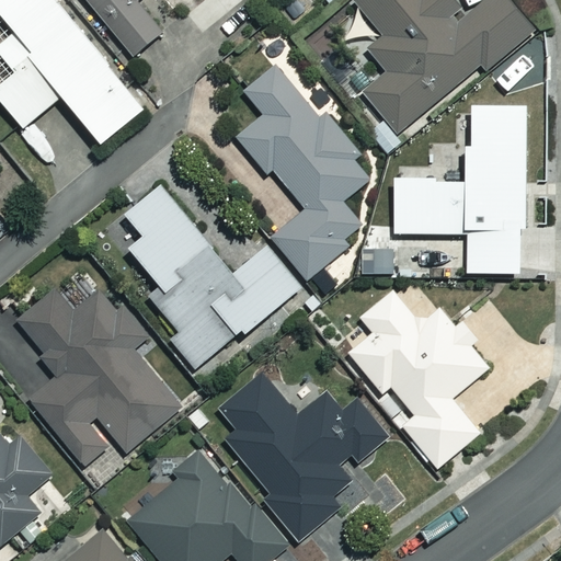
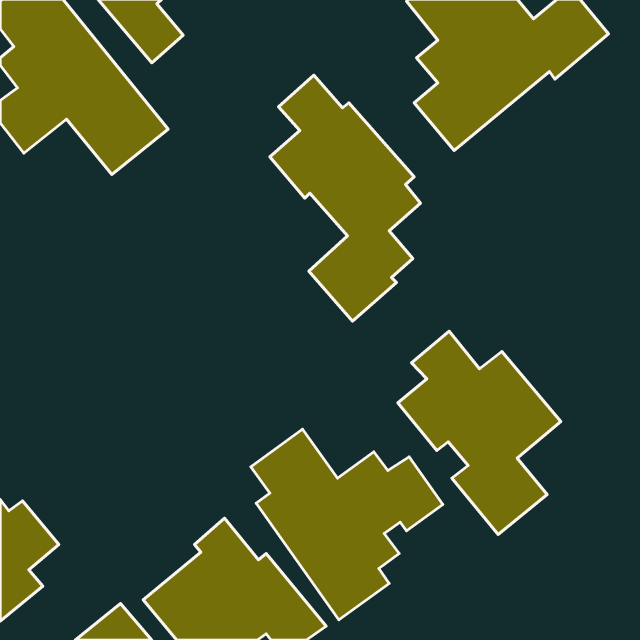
building: [393,103,525,274] -> none
building: [124,184,302,366] -> none
building: [18,289,180,465] -> none

